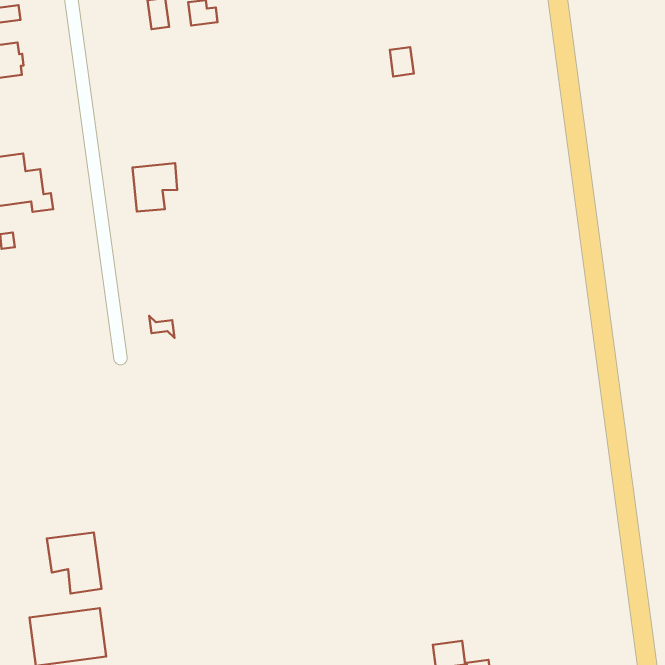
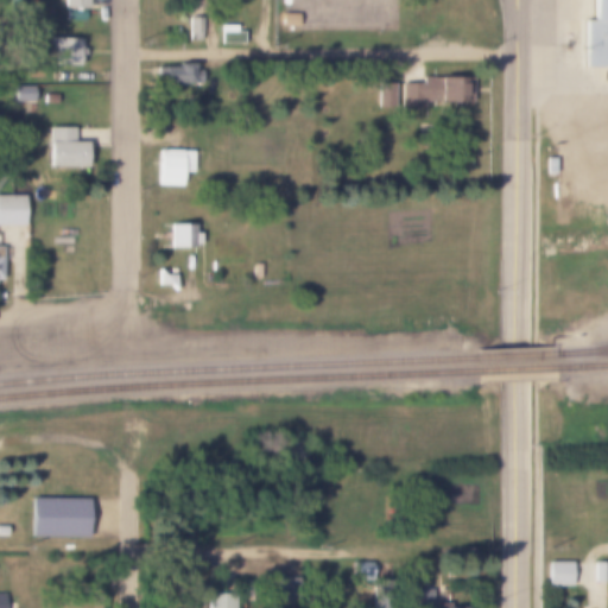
building: none -> [404,77,476,108]
building: none -> [167,63,207,83]
building: none -> [176,224,205,247]
building: [47,532,101,594] -> none

